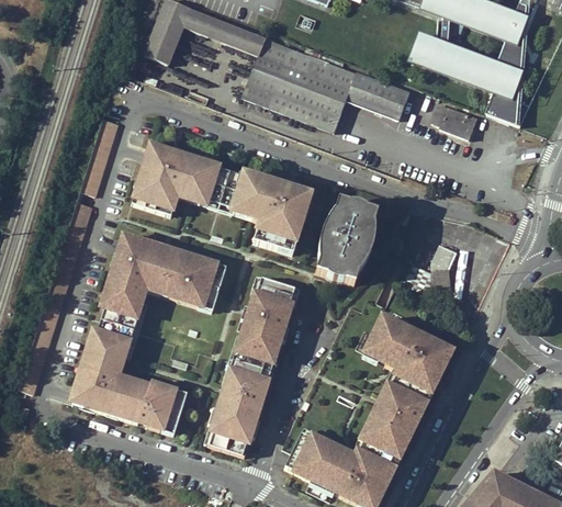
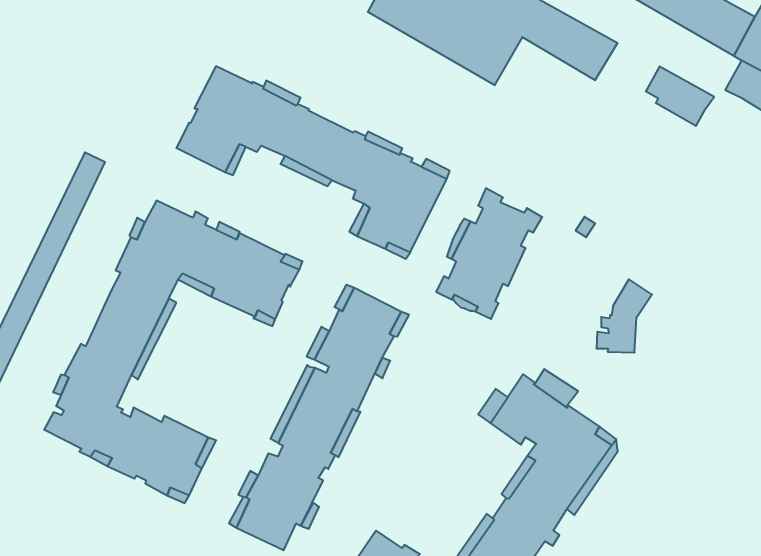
building: [81,117,119,194] -> none

